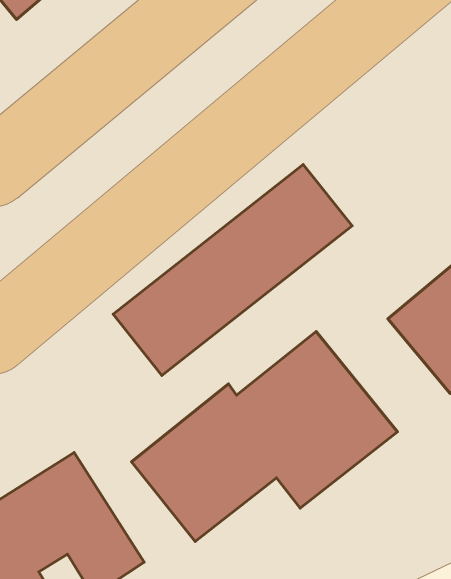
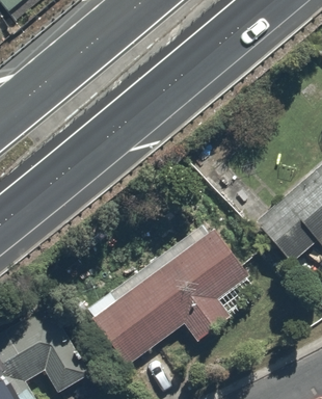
building: [113,164,352,375] -> none

